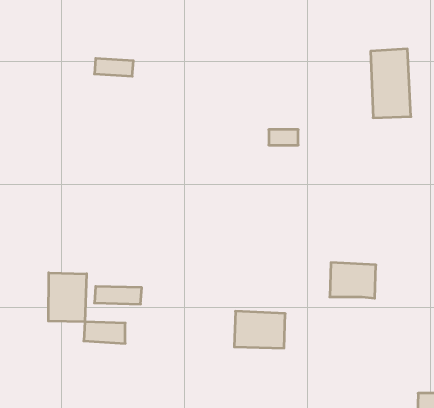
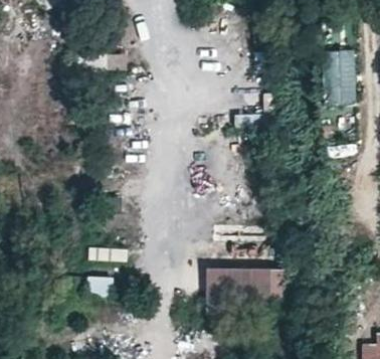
building: [330,263,376,298] -> [248,272,288,302]
building: [48,273,87,322] -> none

